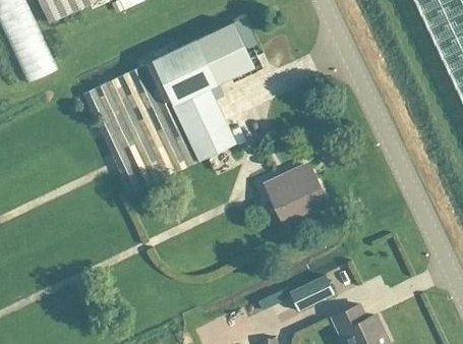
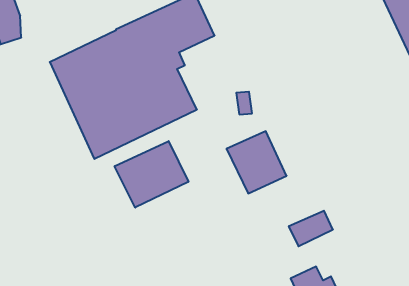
building: none -> [115,141,188,208]
building: [289,275,335,311] -> [289,211,333,246]

